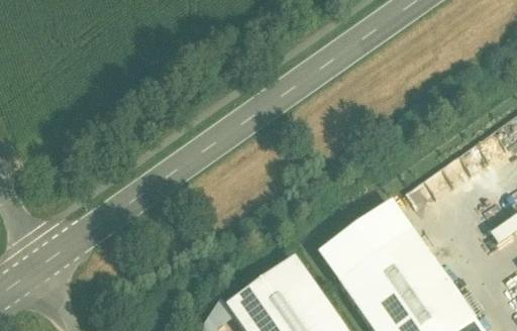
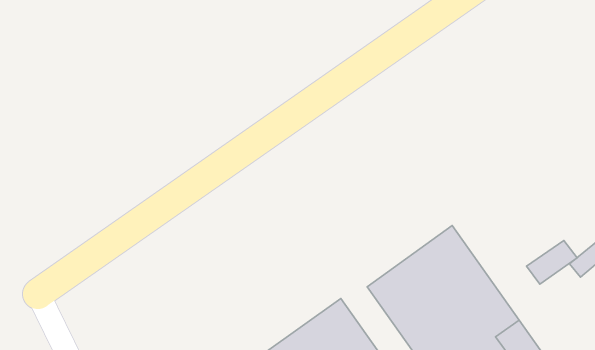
building: none -> [527,240,577,284]

